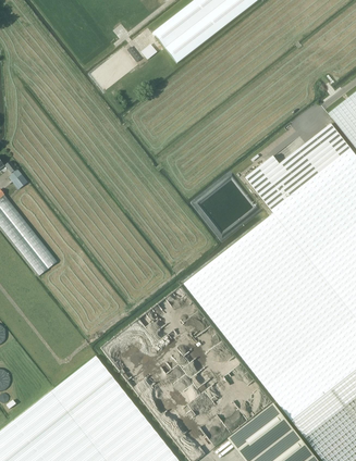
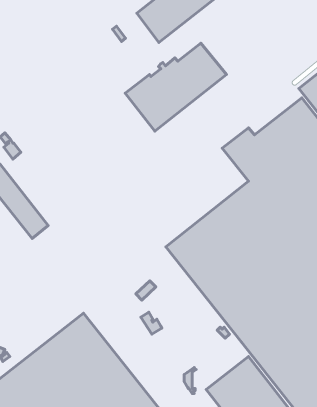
building: none -> [125,43,226,131]

